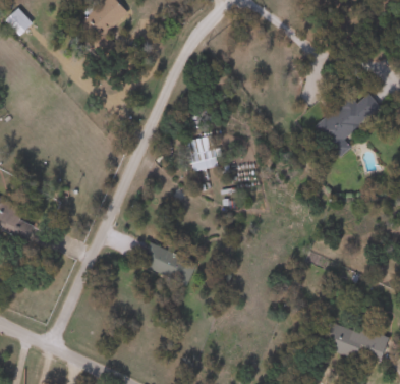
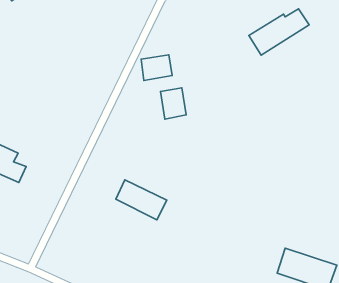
building: [313,94,383,147] -> [249,9,309,55]
building: none -> [141,55,172,80]

